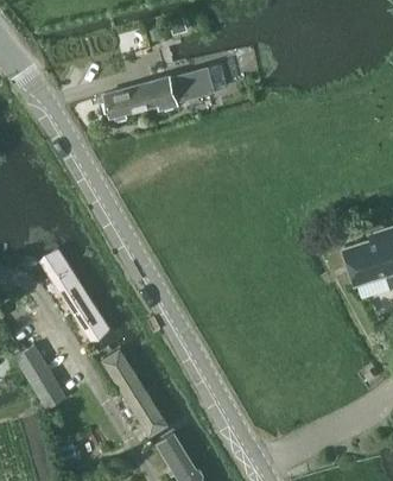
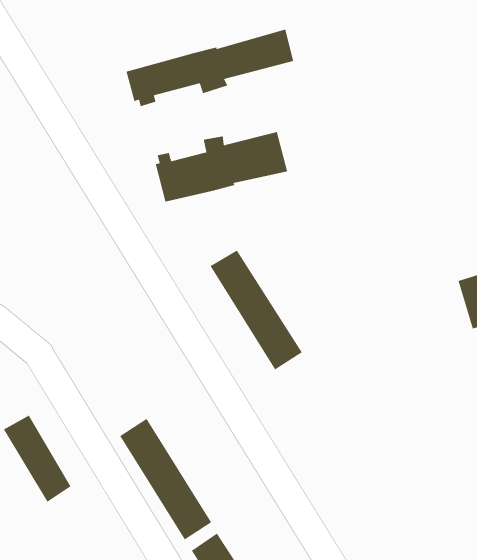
building: none -> [155,131,288,203]
building: [40,251,108,338] -> [210,249,303,370]

